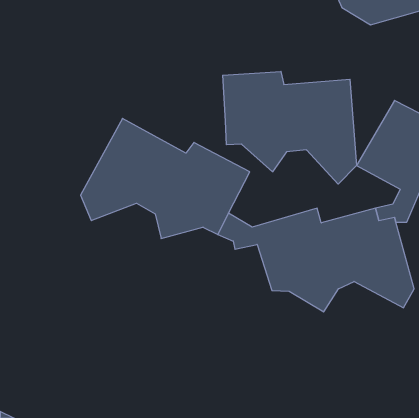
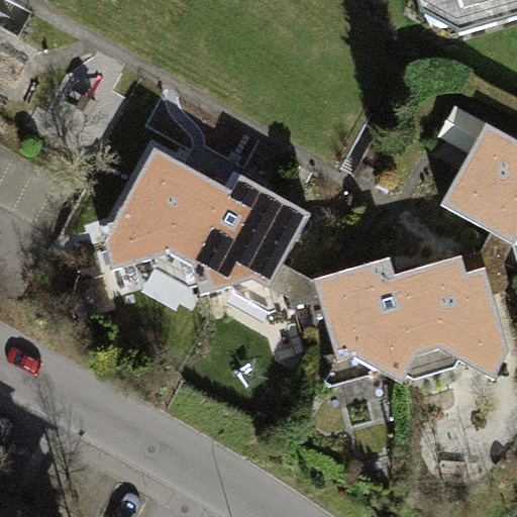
building: [223,71,357,184] -> none

